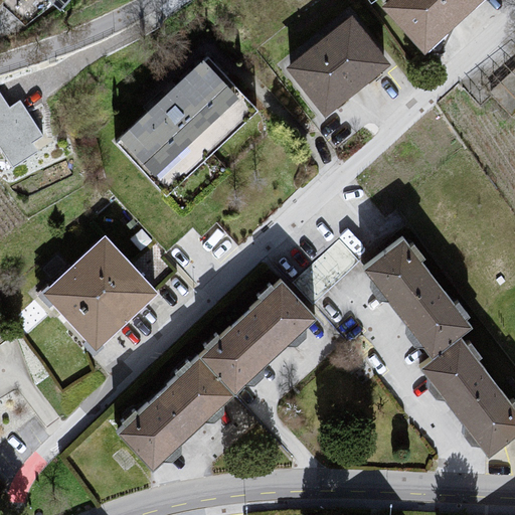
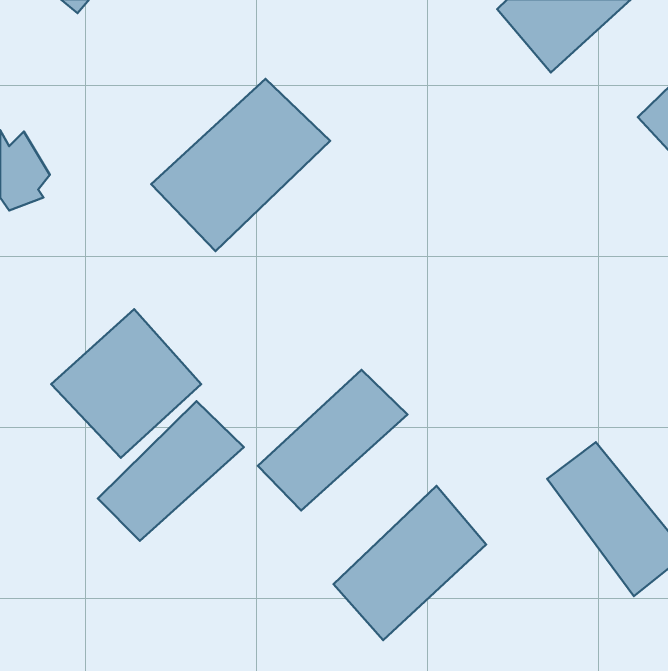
building: [288,16,390,116] -> none
building: [365,240,471,357] -> none
building: [119,359,230,466] -> [98,401,244,541]
building: none -> [333,486,486,640]

